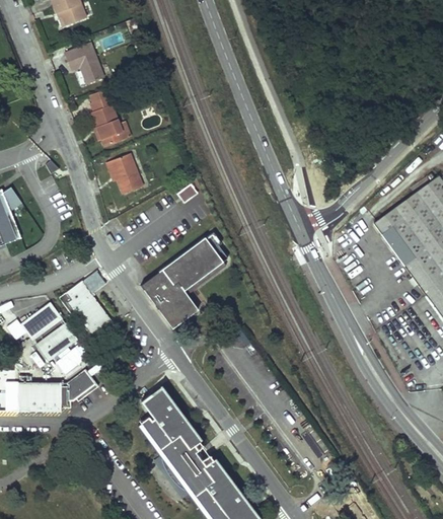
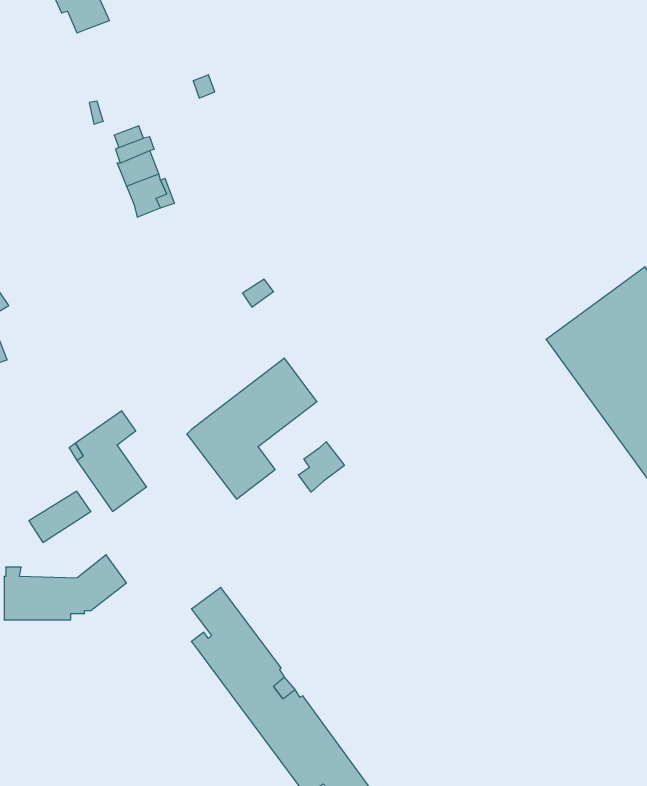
building: [66,41,105,81] -> none
building: [108,151,145,192] -> none
building: none -> [298,442,344,492]
building: [20,301,61,336] -> none

